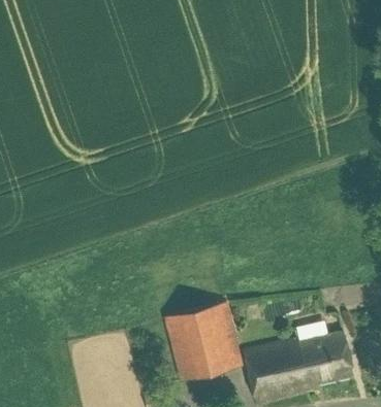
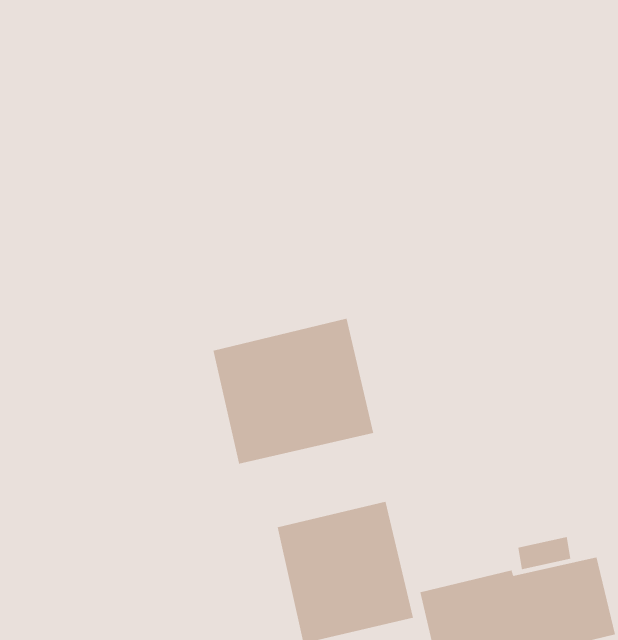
building: none -> [213,318,374,464]

